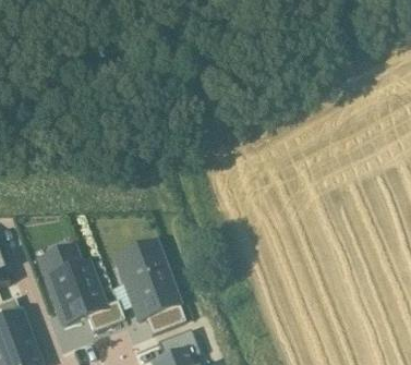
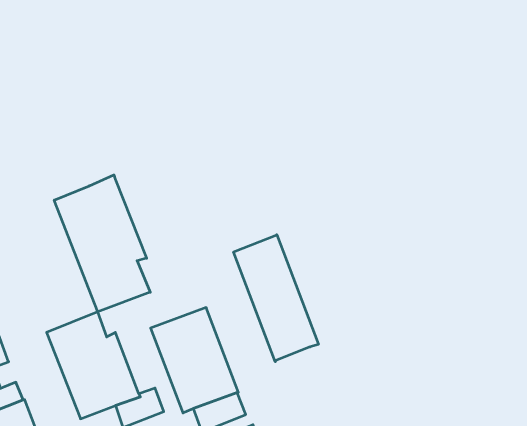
building: none -> [54,175,150,312]
building: none -> [234,235,318,362]

